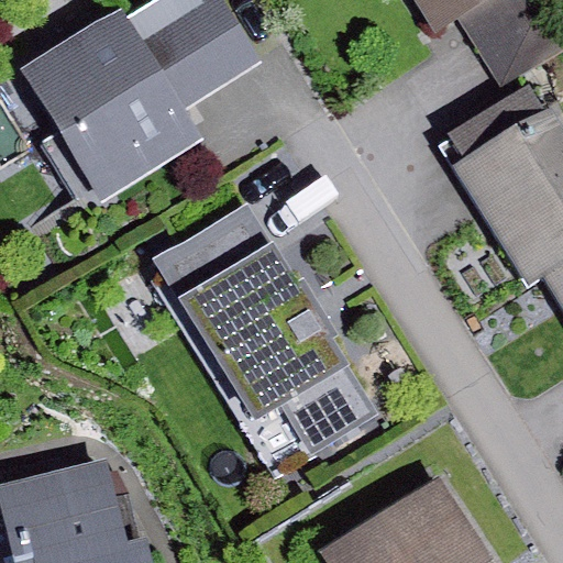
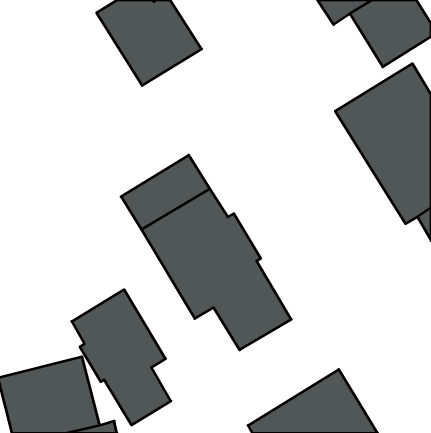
building: [21,7,205,216] -> none
building: none -> [72,290,171,425]

